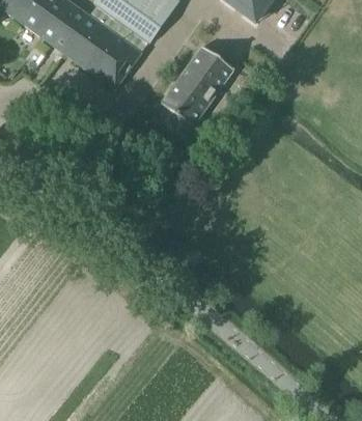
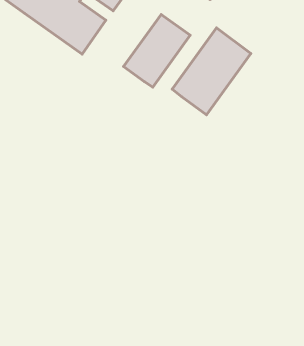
building: none -> [172,28,251,115]

